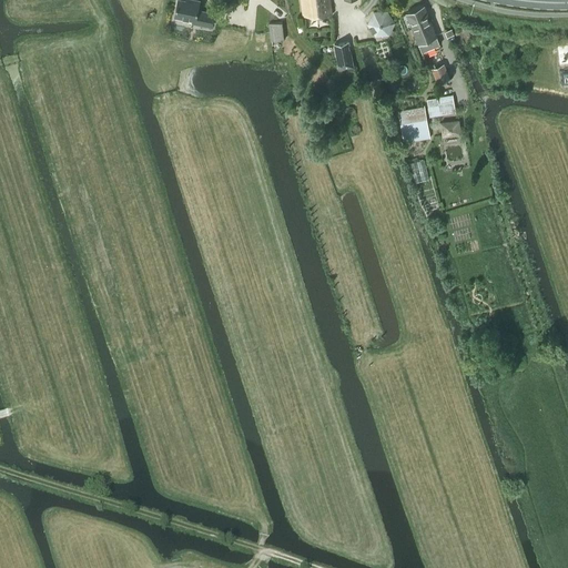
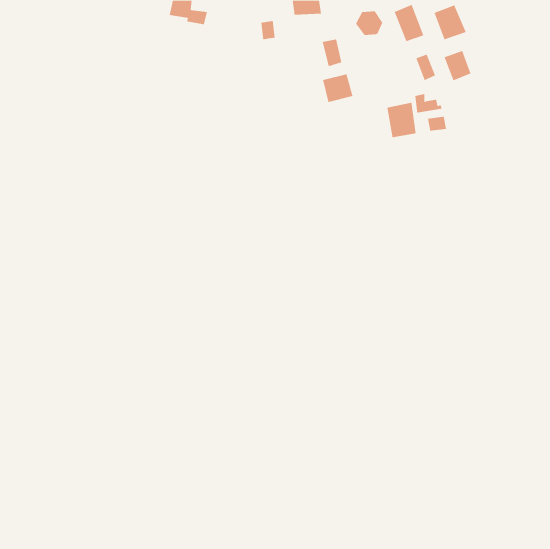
building: none -> [434,5,466,40]
building: none -> [444,50,471,81]
building: none -> [322,73,353,103]

